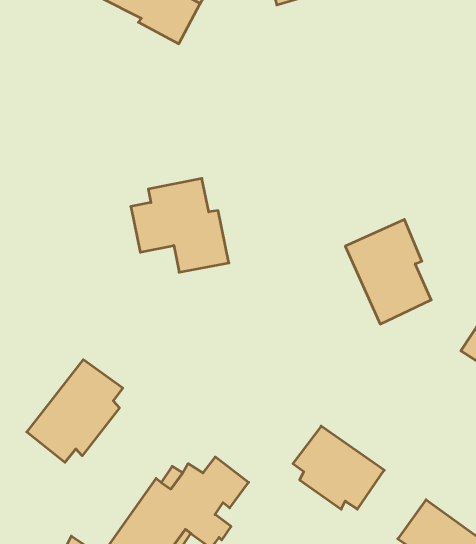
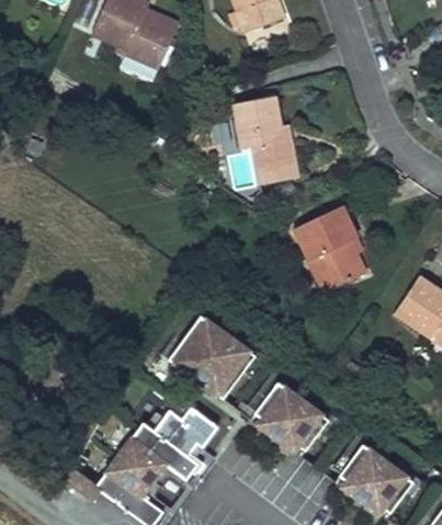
building: [131,178,229,272] -> [219,94,299,171]
building: none -> [167,312,254,397]
building: [27,360,123,462] -> none

